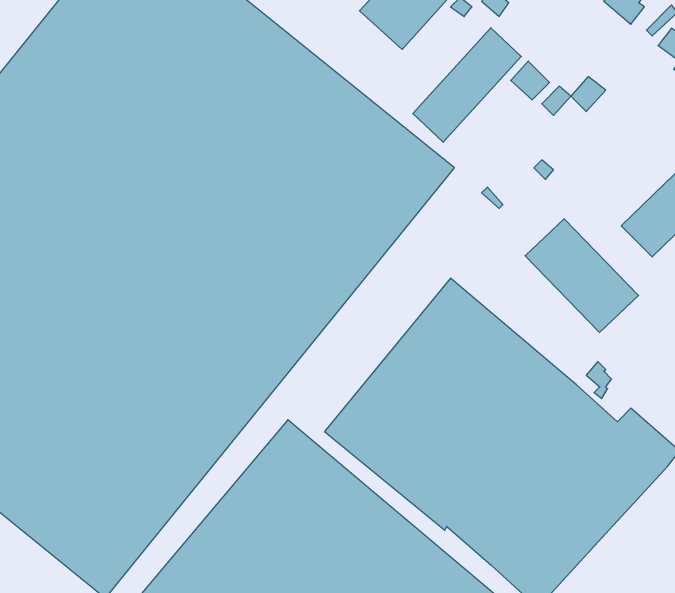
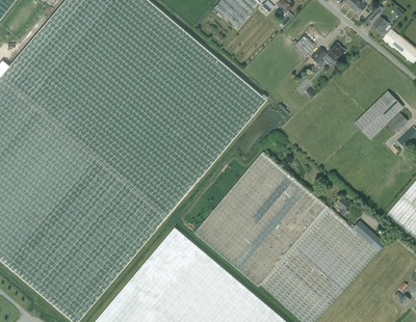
building: [413,28,521,142] -> none
building: [525,219,639,332] -> none

